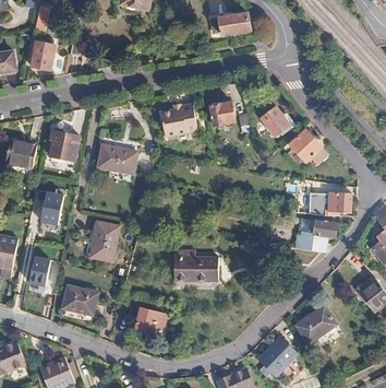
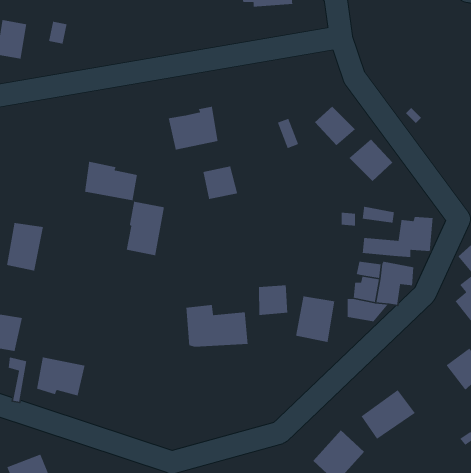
building: [208,101,234,126] -> [202,166,238,200]
building: [46,130,75,161] -> none
building: [89,223,118,263] -> [126,201,165,256]
building: none -> [258,285,288,316]
building: none -> [295,295,335,343]
building: [133,306,164,332] -> none

